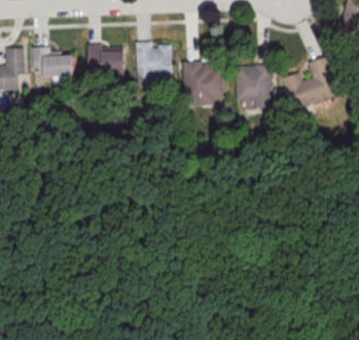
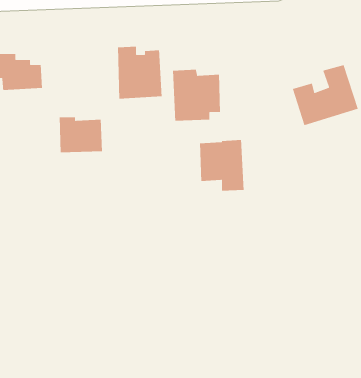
building: [86,46,123,77] -> [59,116,103,153]
building: [236,65,274,109] -> [199,139,244,192]

